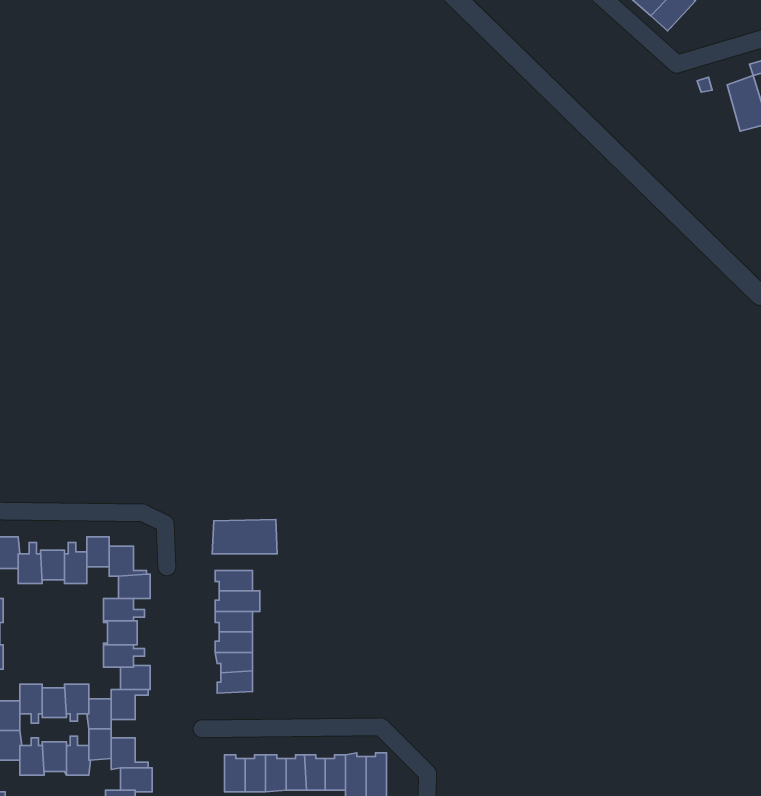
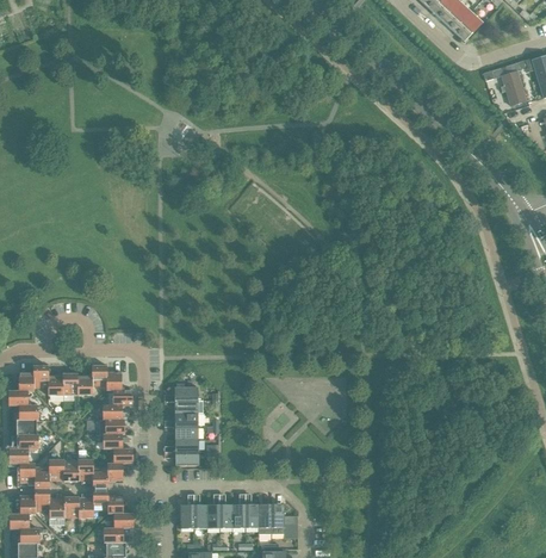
building: [212,519,277,554] -> none

